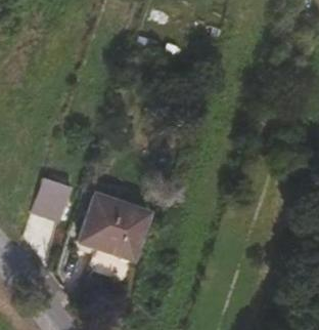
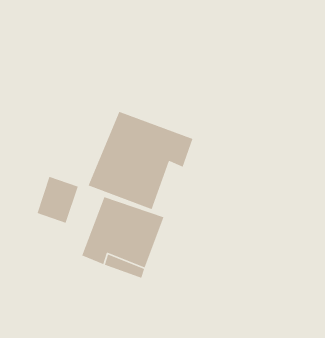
building: none -> [88,111,194,210]

